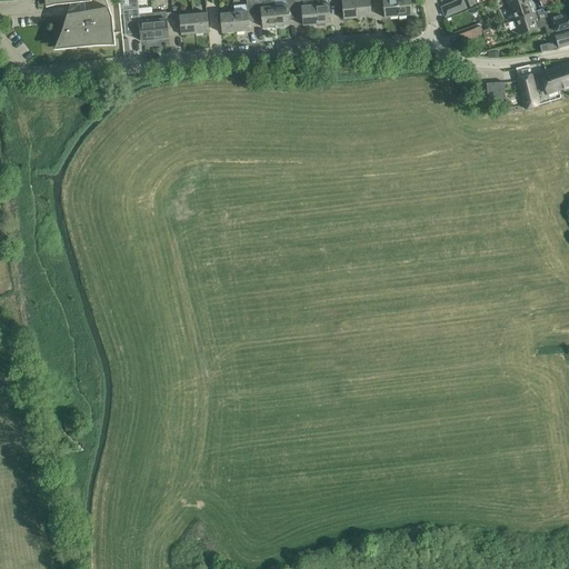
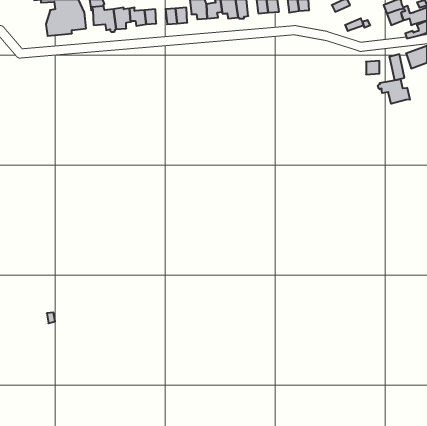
building: none -> [378,79,410,104]

